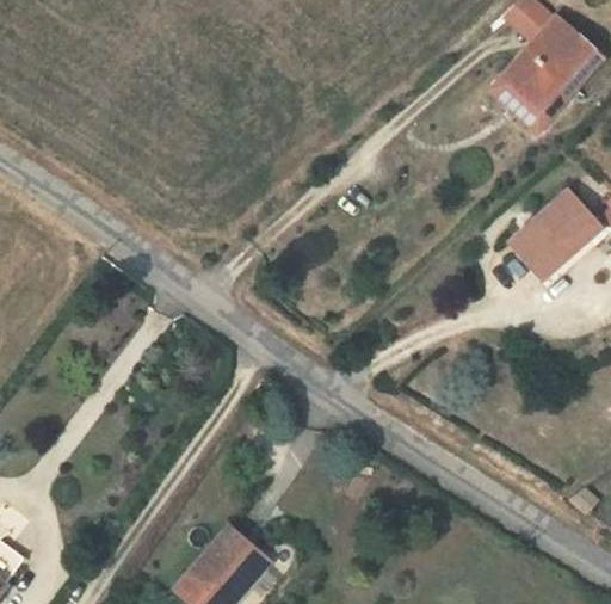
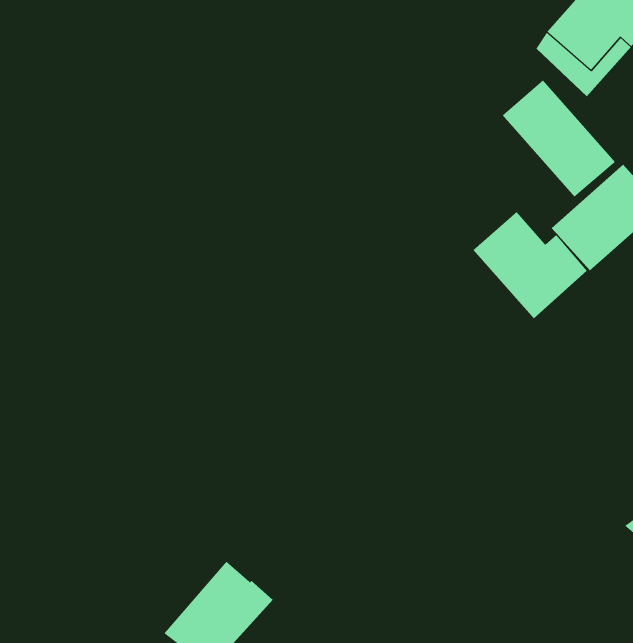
building: none -> [502,80,616,198]
building: none -> [473,211,588,319]

